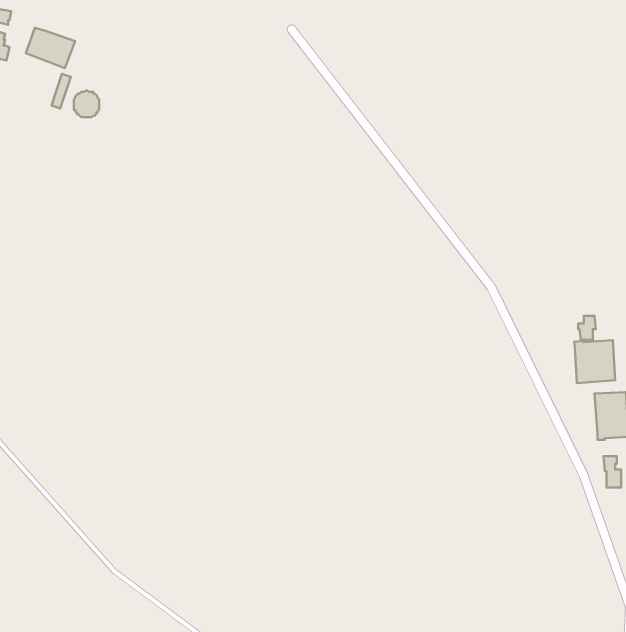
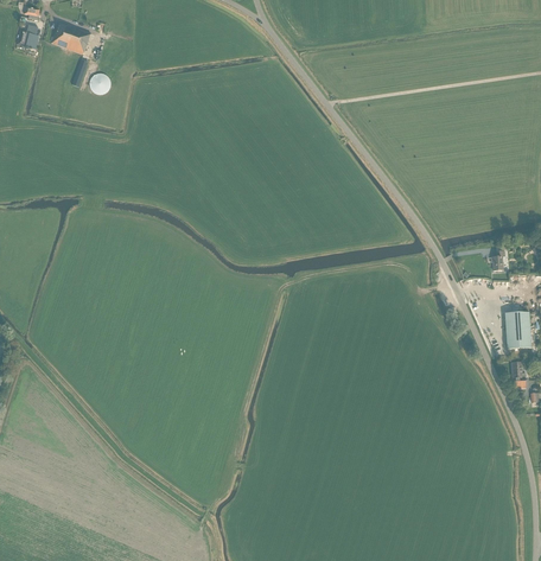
building: [574,340,615,383] -> none

